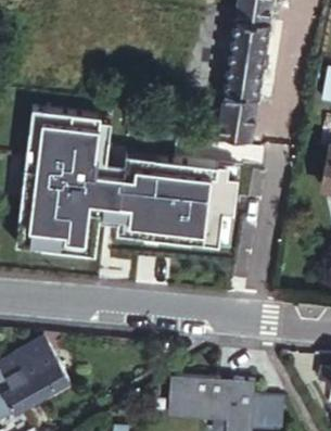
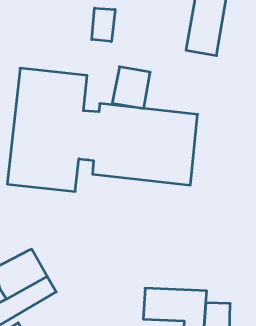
building: none -> [92,8,115,42]
building: [217,90,263,140] -> [112,67,150,108]

